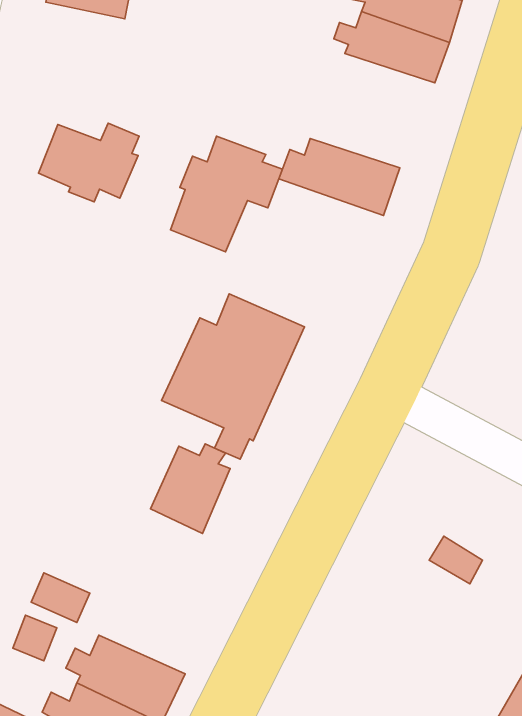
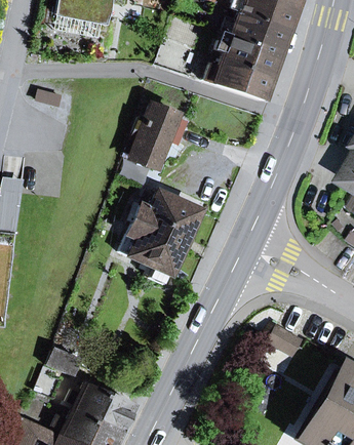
building: [38,123,139,202] -> none
building: [279,139,400,216] -> [206,57,274,100]
building: [151,444,230,534] -> none

